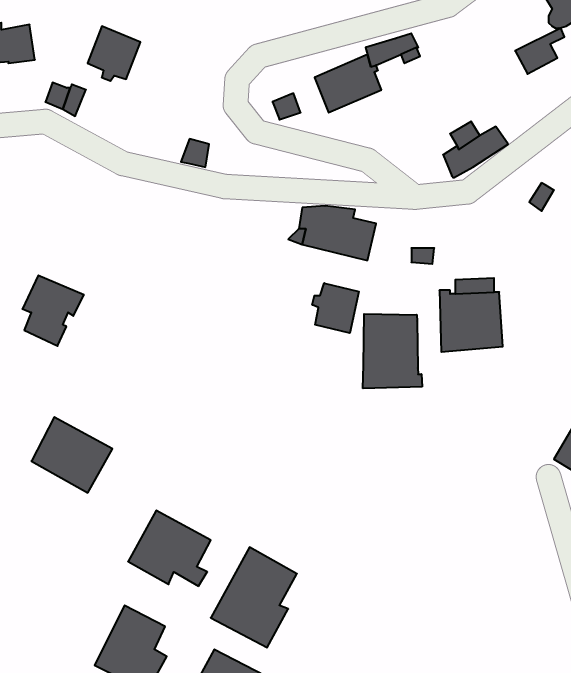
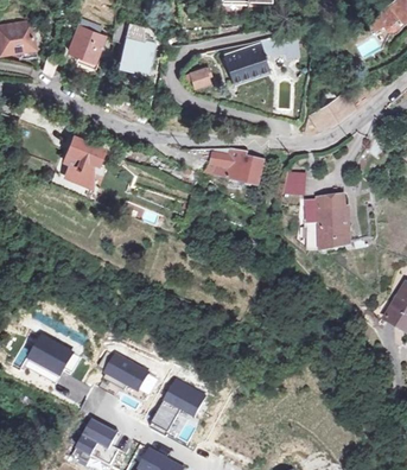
building: none -> [110,23,154,64]
building: [22,275,84,346] -> [61,134,102,182]
building: [312,283,359,333] -> none
building: [363,314,422,388] -> none
building: [31,417,112,493] -> [28,339,83,390]

